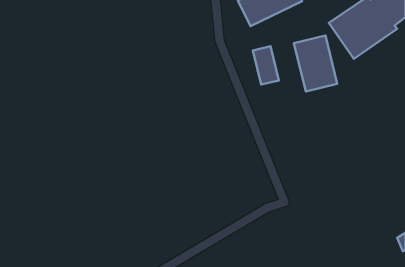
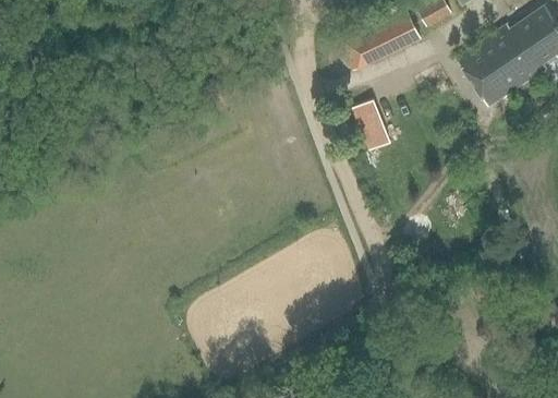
building: [294,35,337,92] -> none

